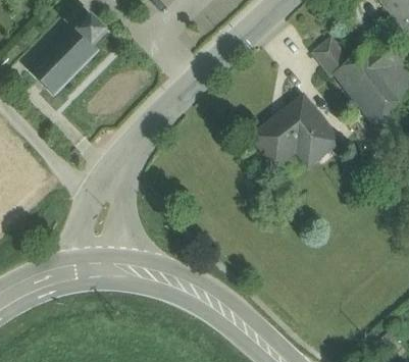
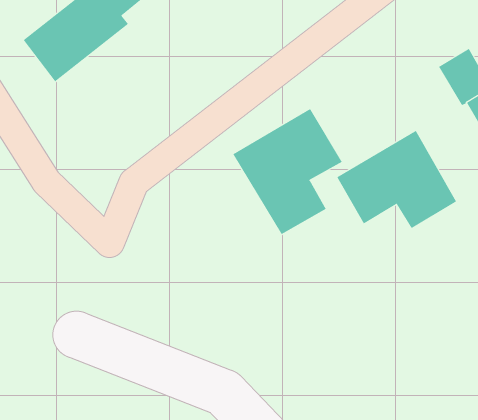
building: none -> [232,108,343,235]

